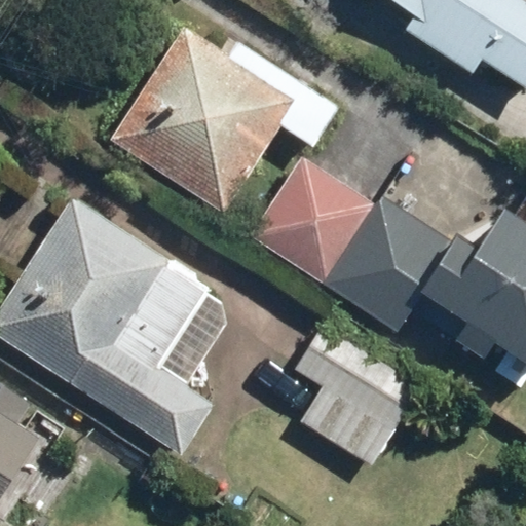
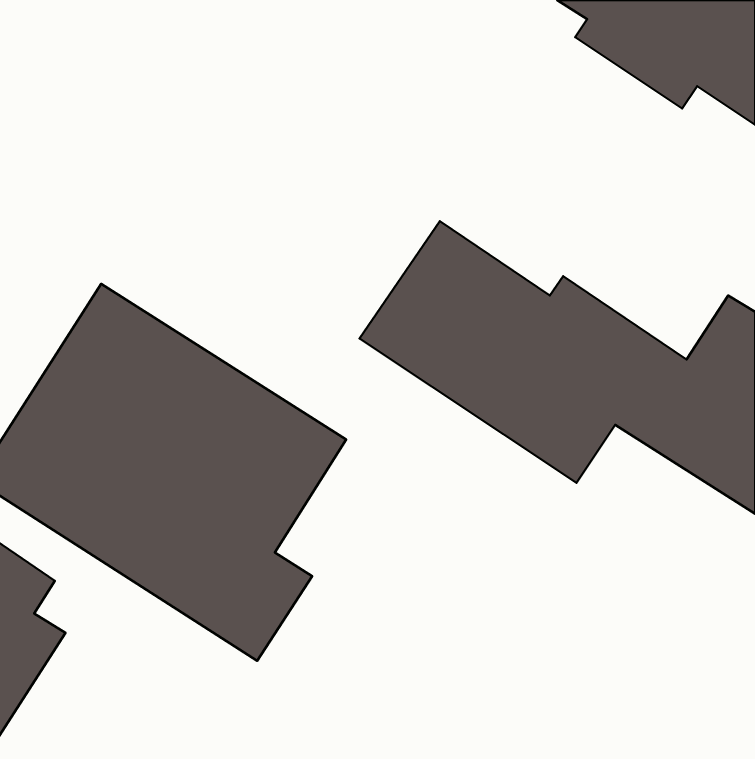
building: [111,27,339,214] -> none
building: [293,321,423,466] -> none

